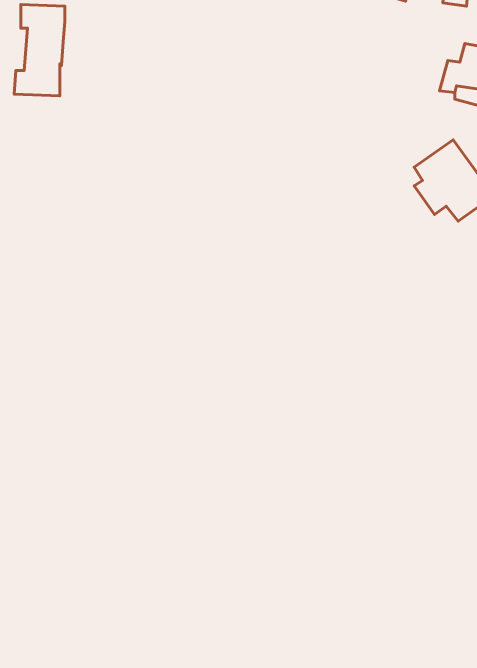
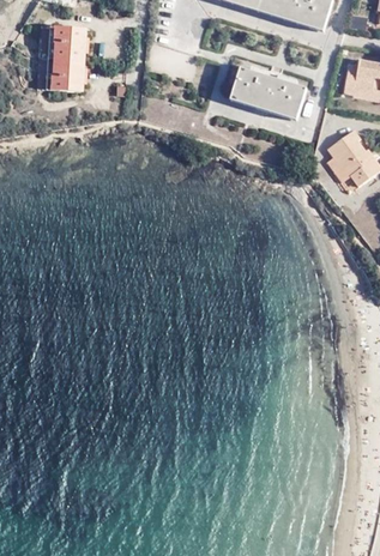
building: none -> [230,70,306,115]

